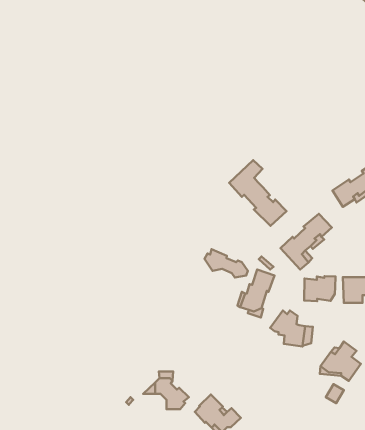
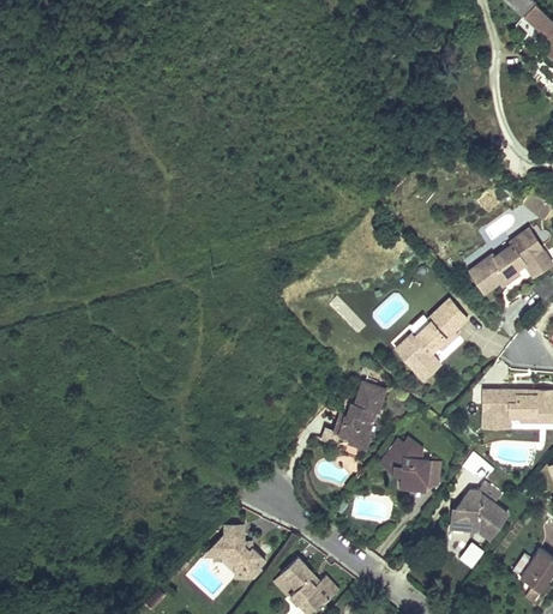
building: [229,160,286,226] -> none
building: [204,249,248,277] -> none
building: [304,276,336,301] -> none

